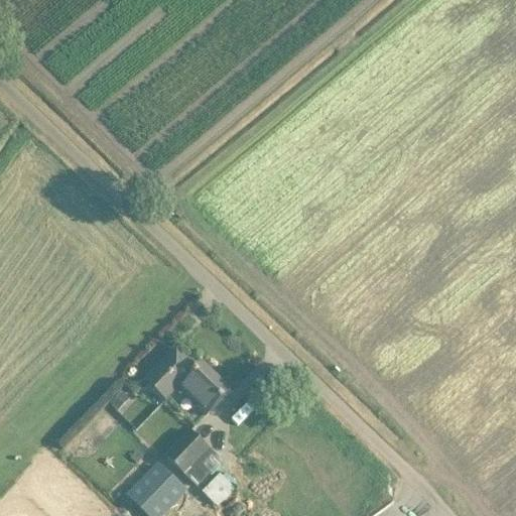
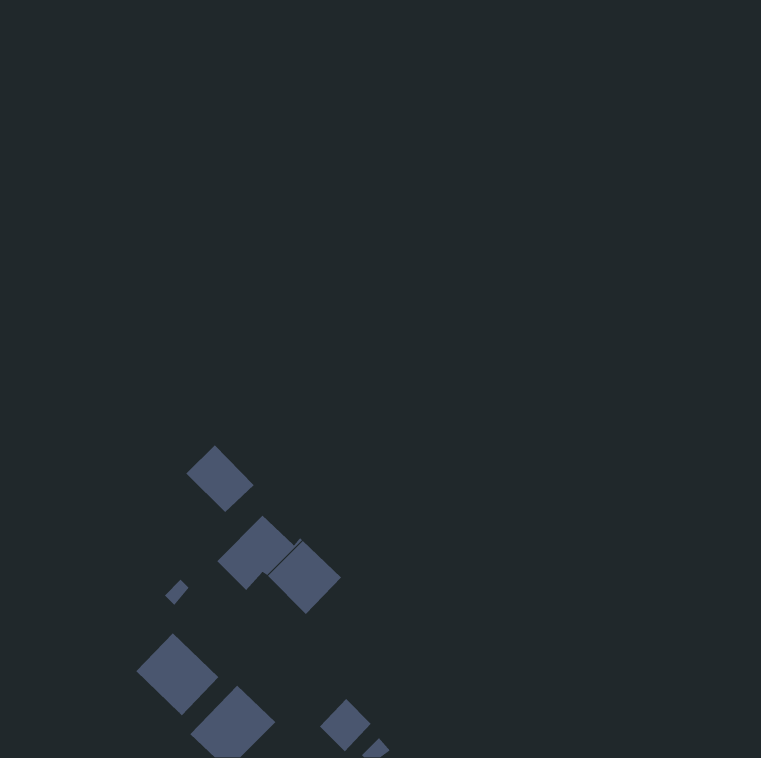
building: none -> [186,444,255,513]
building: [166,428,223,485] -> [135,632,219,716]

